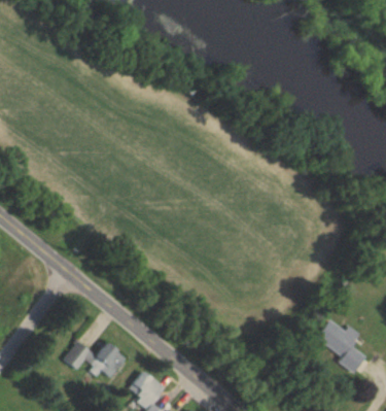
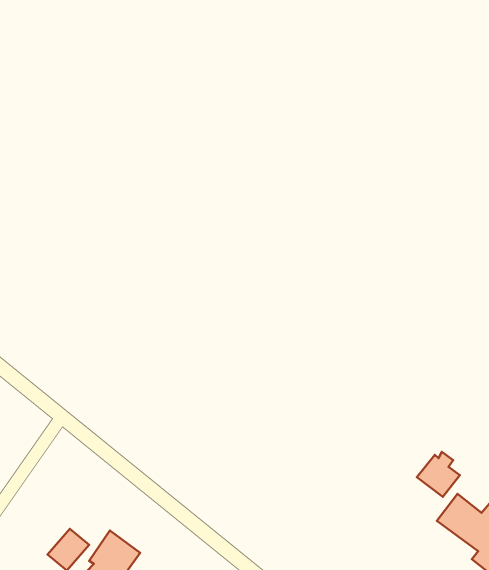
building: none -> [417,452,460,497]

